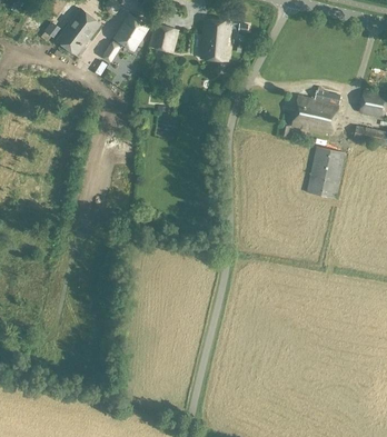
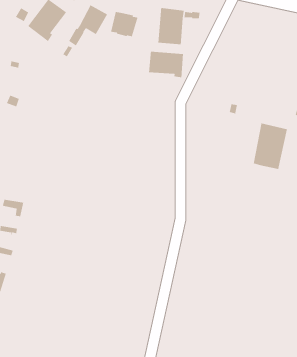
building: none -> [148,51,184,78]
building: [291,89,339,132] -> none

